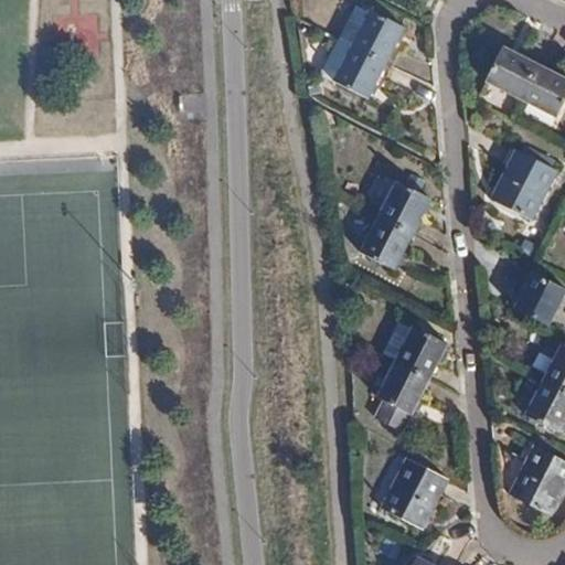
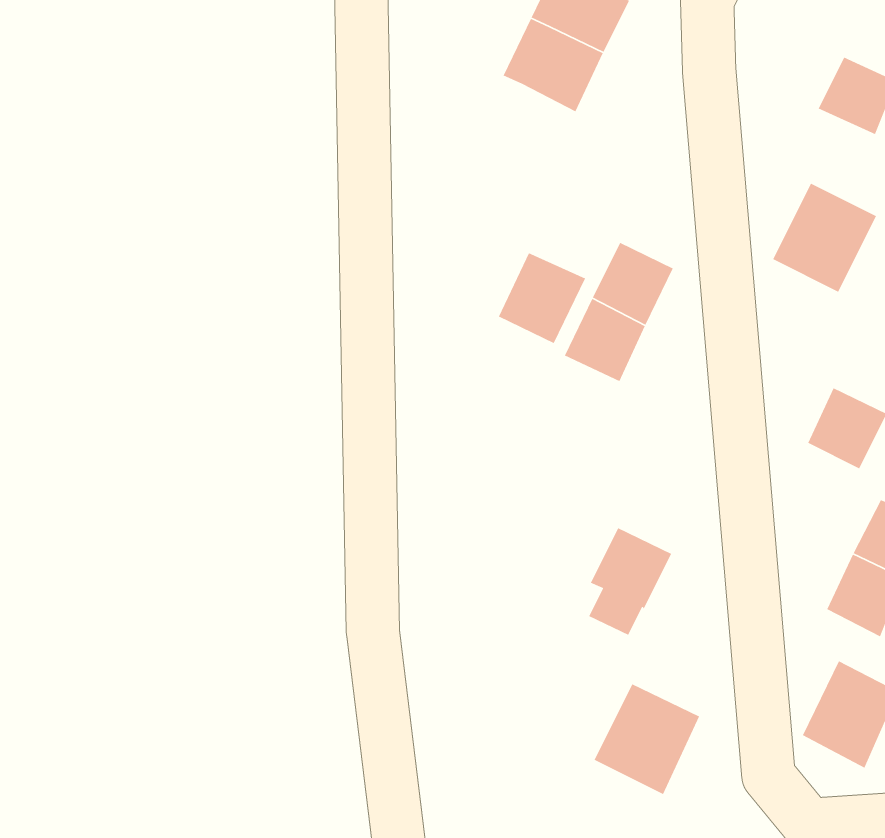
building: [486,46,537,97] -> none
building: none -> [498,252,586,344]
building: [382,321,446,377] -> none

